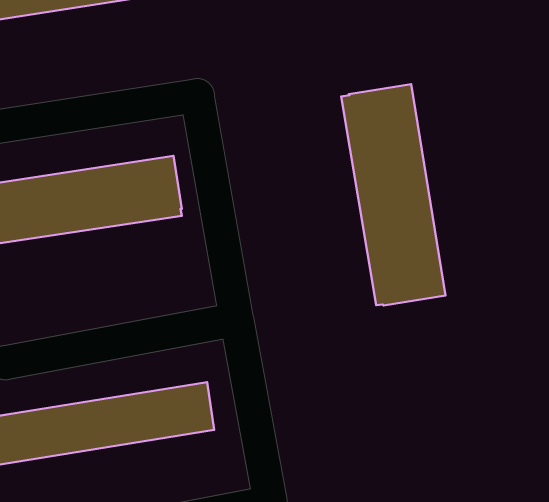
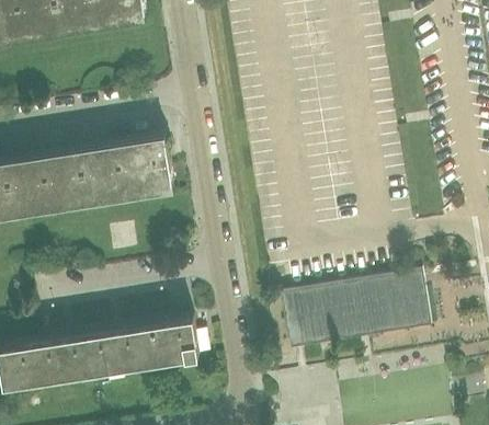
building: [341,84,445,305] -> none
building: none -> [278,273,429,354]

